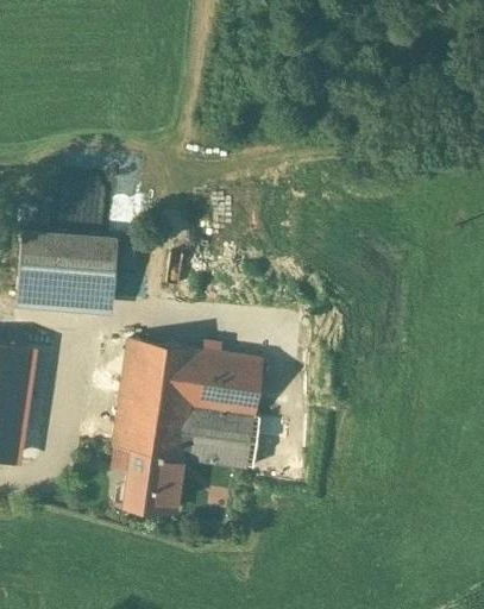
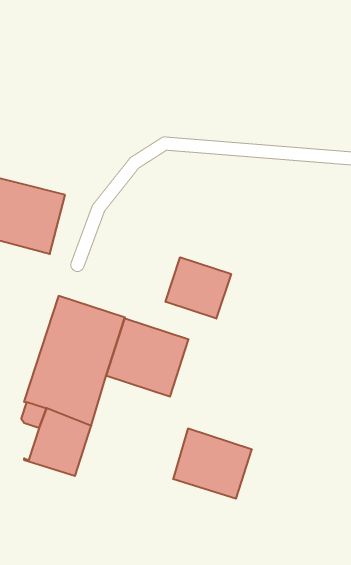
building: none -> [166,257,231,319]
building: [183,407,254,466] -> [173,429,252,499]

